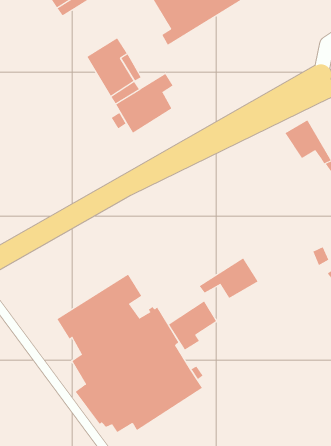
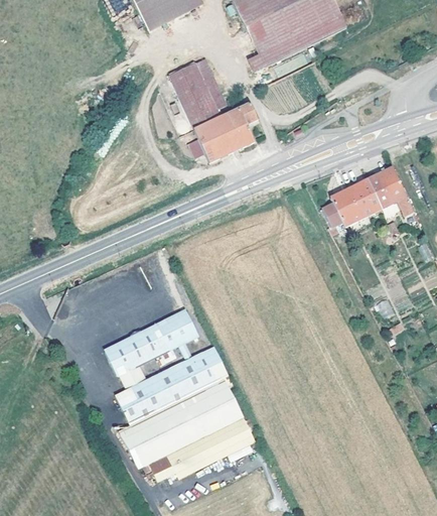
building: none -> [323,176,384,233]
building: [199,258,259,299] -> none
building: [168,300,217,350] -> none

